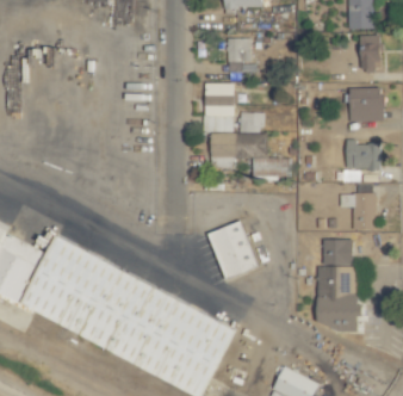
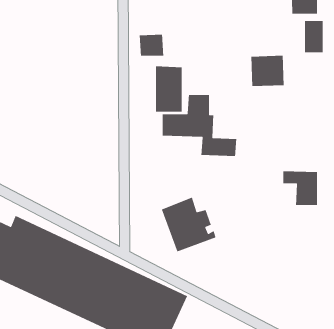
building: [224,38,250,62] -> [139,34,164,57]
building: [347,88,383,122] -> [250,55,285,87]
building: [343,141,379,169] -> none
building: [318,240,356,330] -> none

